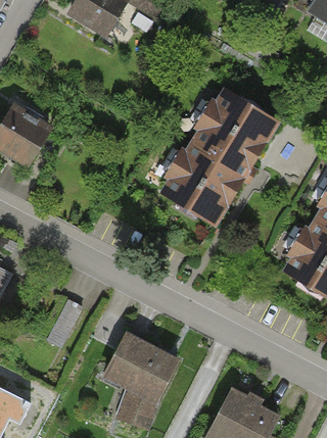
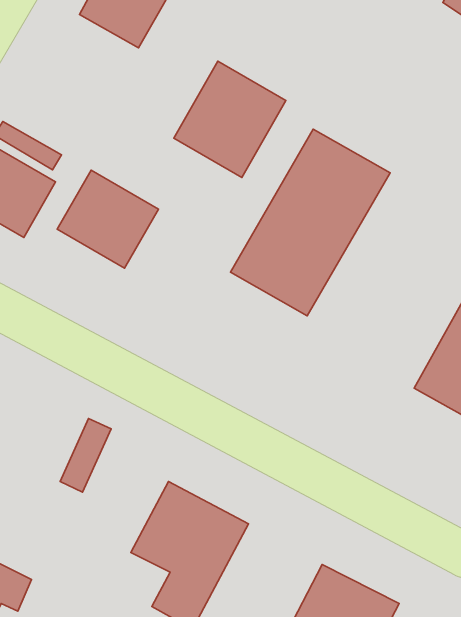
building: none -> [174,61,286,177]
building: none -> [57,170,158,268]

